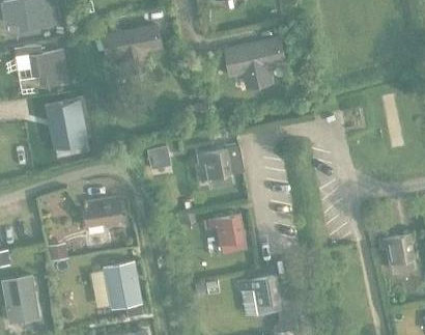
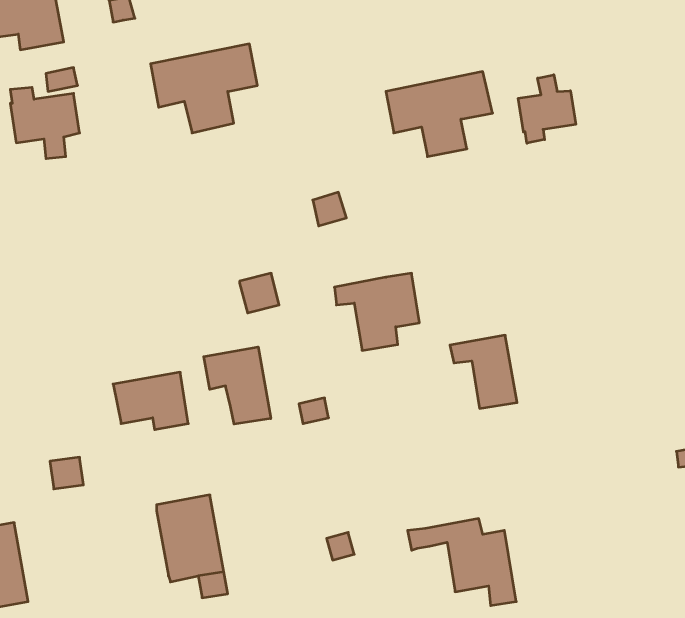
building: none -> [518,75,576,143]
building: [47,102,87,148] -> none
building: none -> [204,347,271,424]
building: [209,214,245,252] -> [450,335,517,408]

